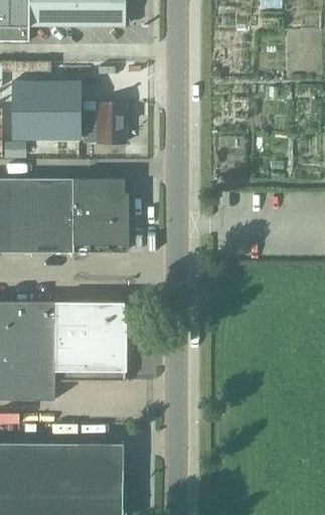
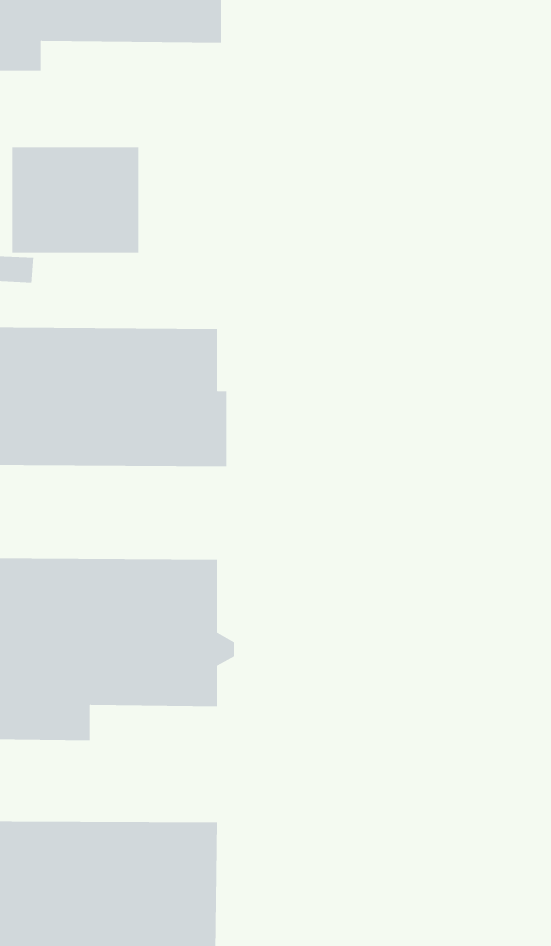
building: [84,103,125,144] -> none

